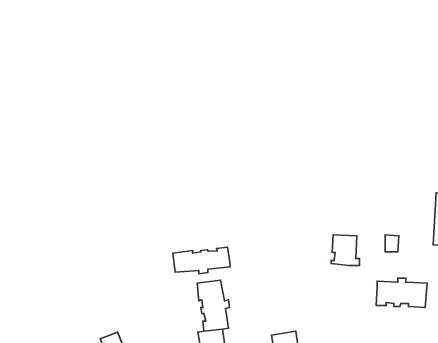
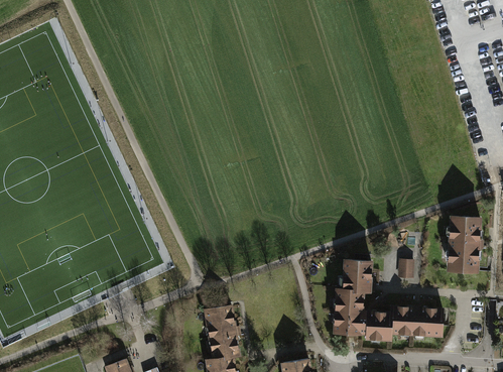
building: [173,247,230,274] -> none
building: none -> [334,289,390,339]

